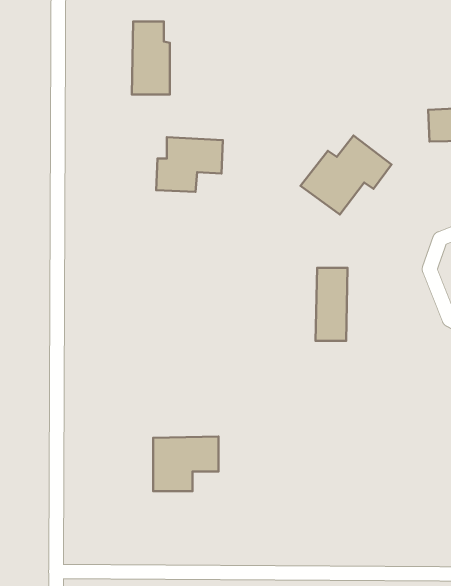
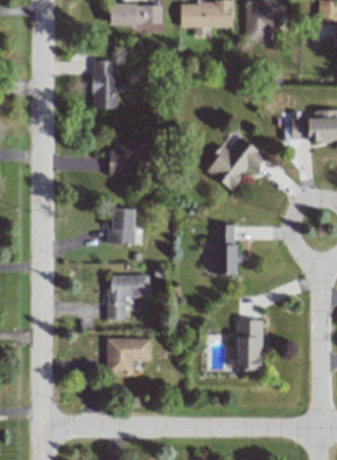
building: none -> [107,208,135,244]
building: none -> [108,275,150,320]
building: none -> [237,320,263,369]

